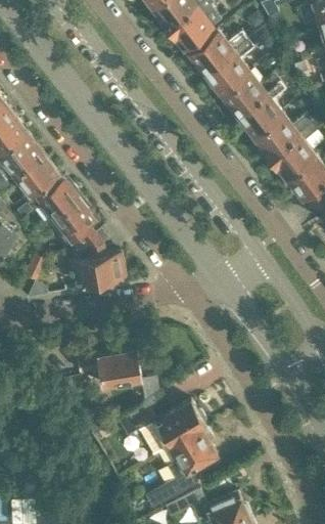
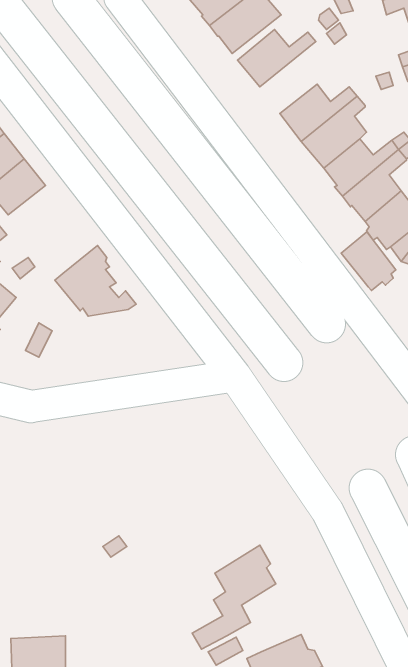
building: [205,40,254,95] -> none
building: [12,150,58,195] -> none
building: [38,177,81,218] -> none
building: none -> [341,232,396,290]
building: [68,246,125,290] -> none
building: [79,352,142,388] -> none
building: [133,402,206,457] -> none

